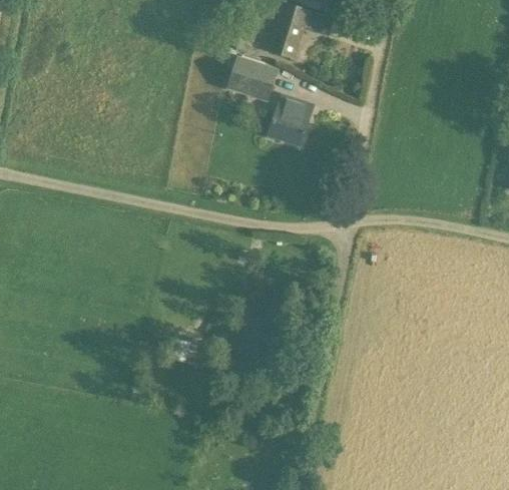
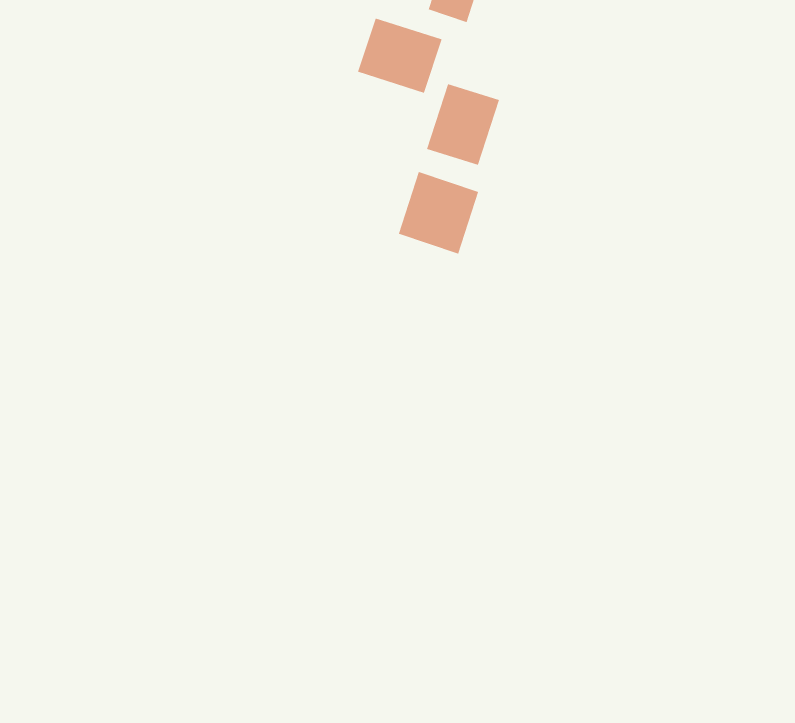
building: none -> [398,171,479,254]

